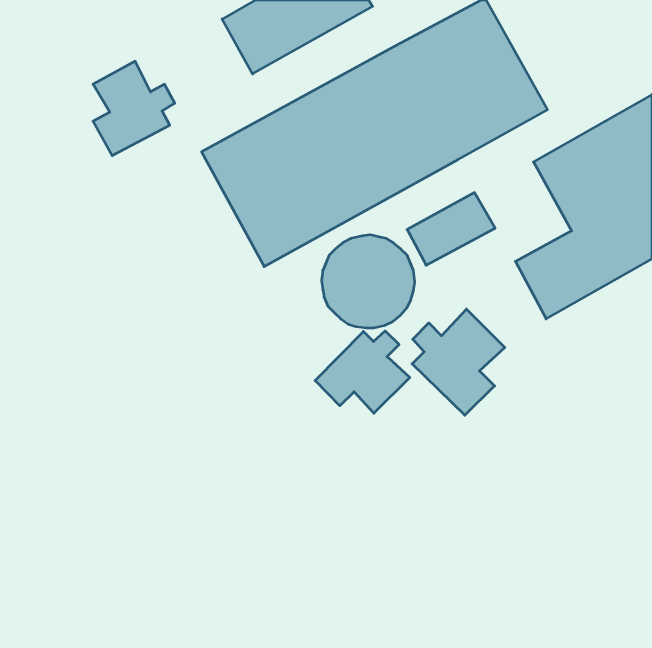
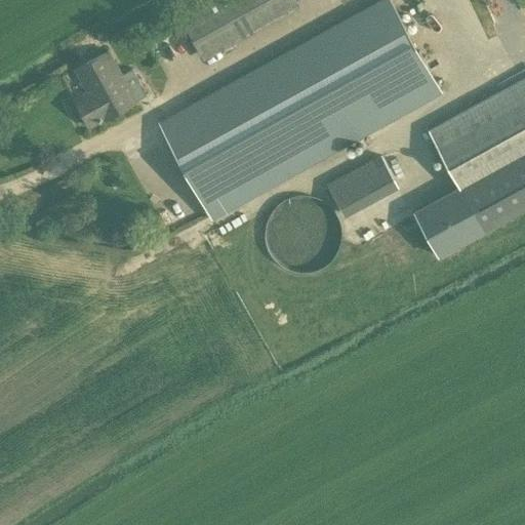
building: [412,309,505,415] -> none
building: [315,331,410,413] -> none

